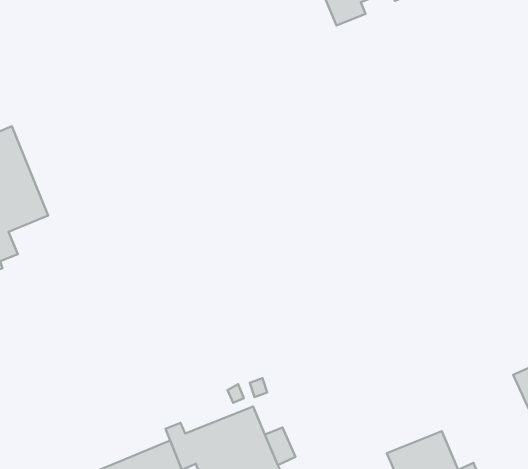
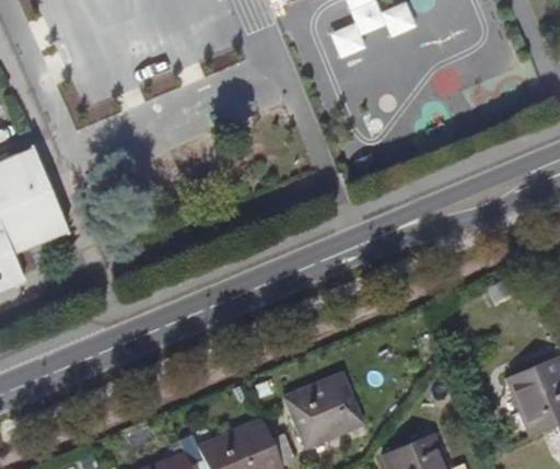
building: none -> [283,373,364,447]

